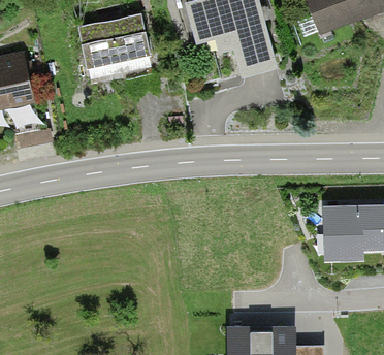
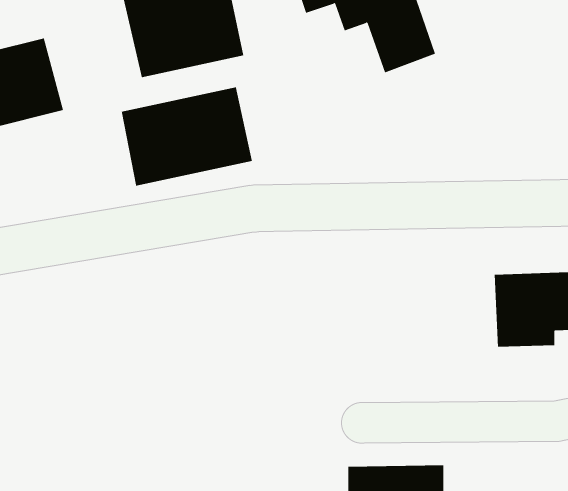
building: none -> [121,87,253,187]

